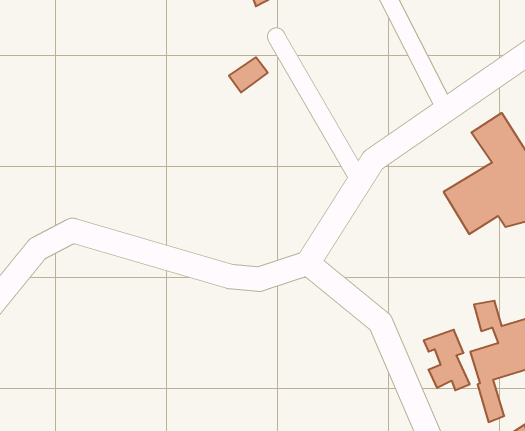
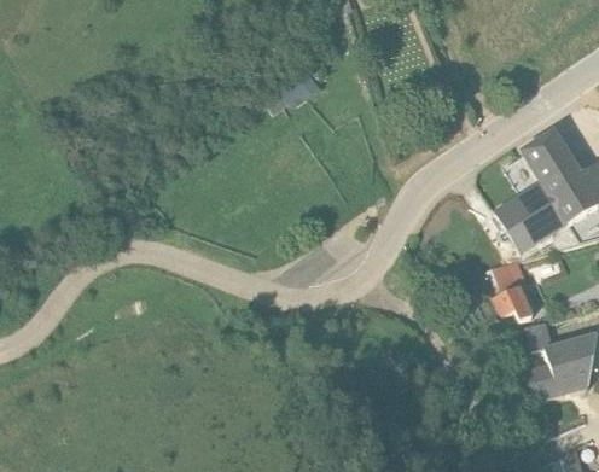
building: [424,330,470,390] -> [487,260,533,320]

